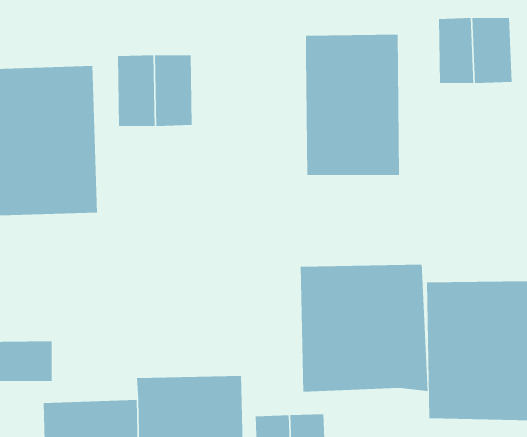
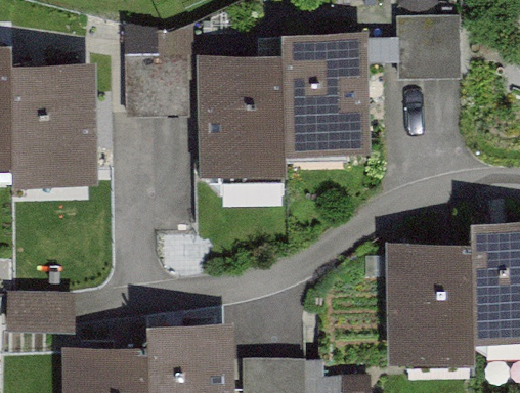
building: none -> [206,54,288,176]
building: [300,264,428,393] -> none

